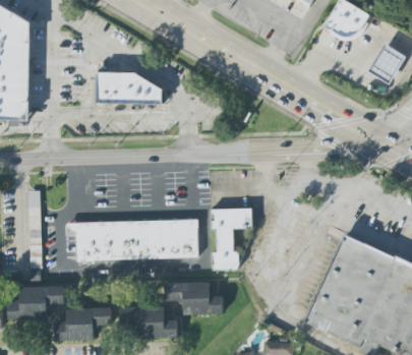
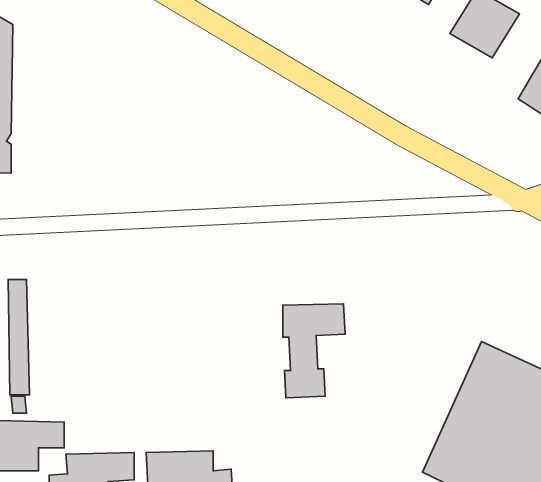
building: [93,74,159,106] -> none
building: [65,219,197,260] -> none
building: [165,282,223,314] -> none

